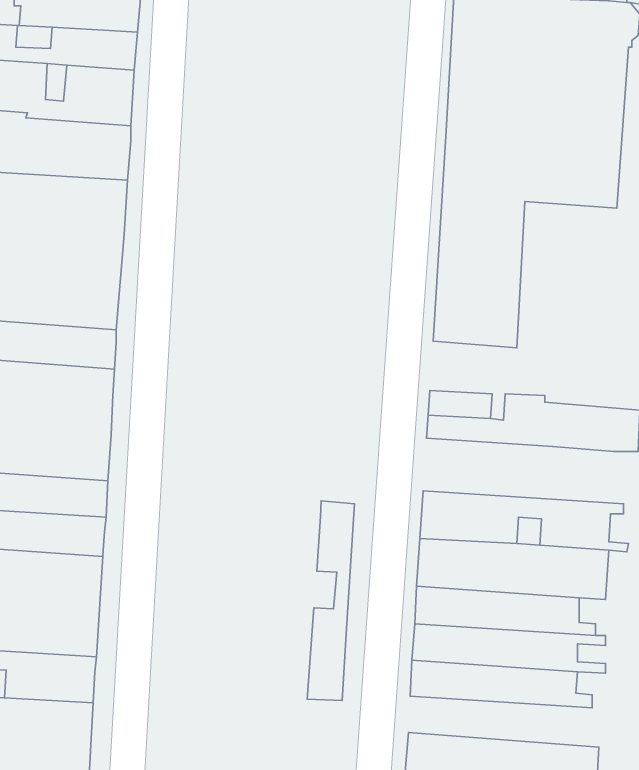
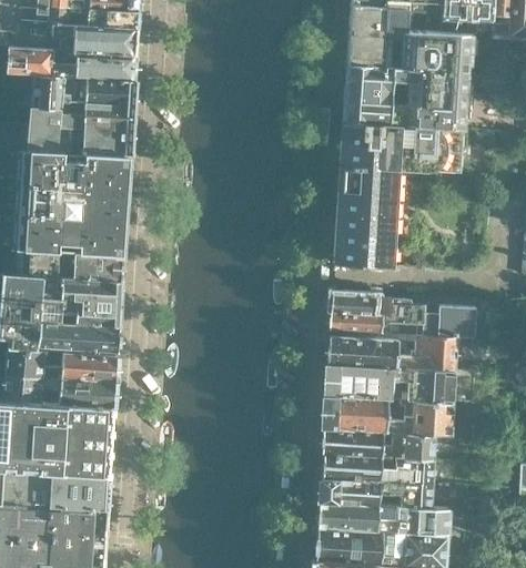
building: none -> [330,332,471,371]
building: [307,501,354,701] -> none
building: none -> [320,500,462,535]

